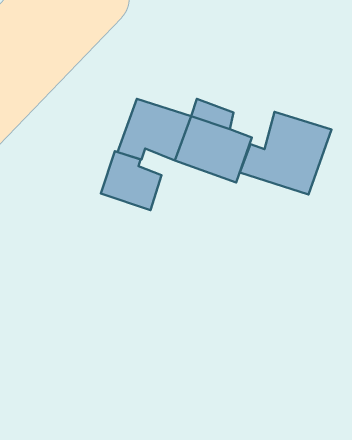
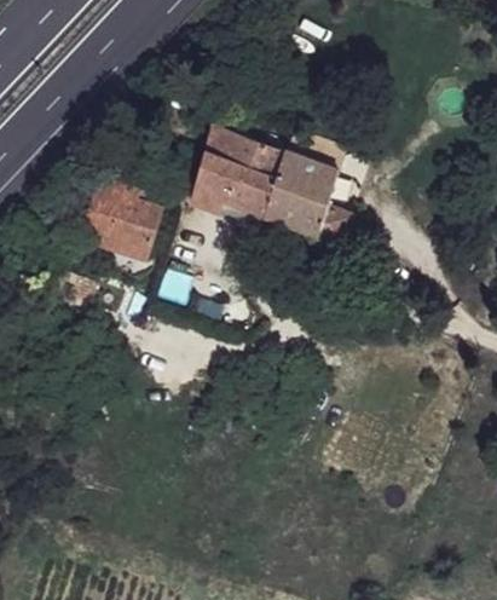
building: [240,112,332,194] -> none
building: [101,151,162,210] -> [76,184,156,261]

